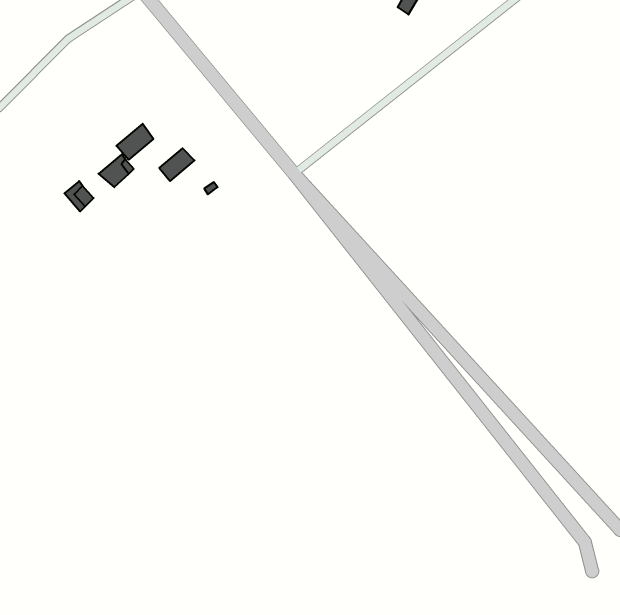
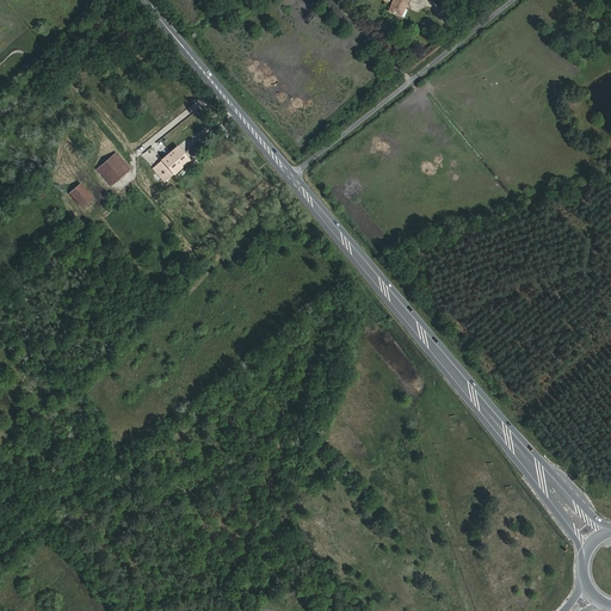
building: [116,124,153,160] -> none

